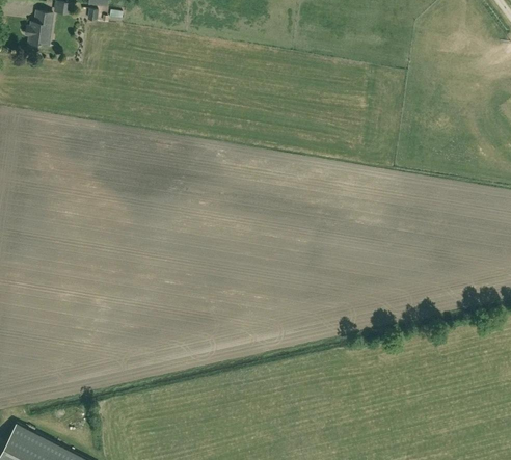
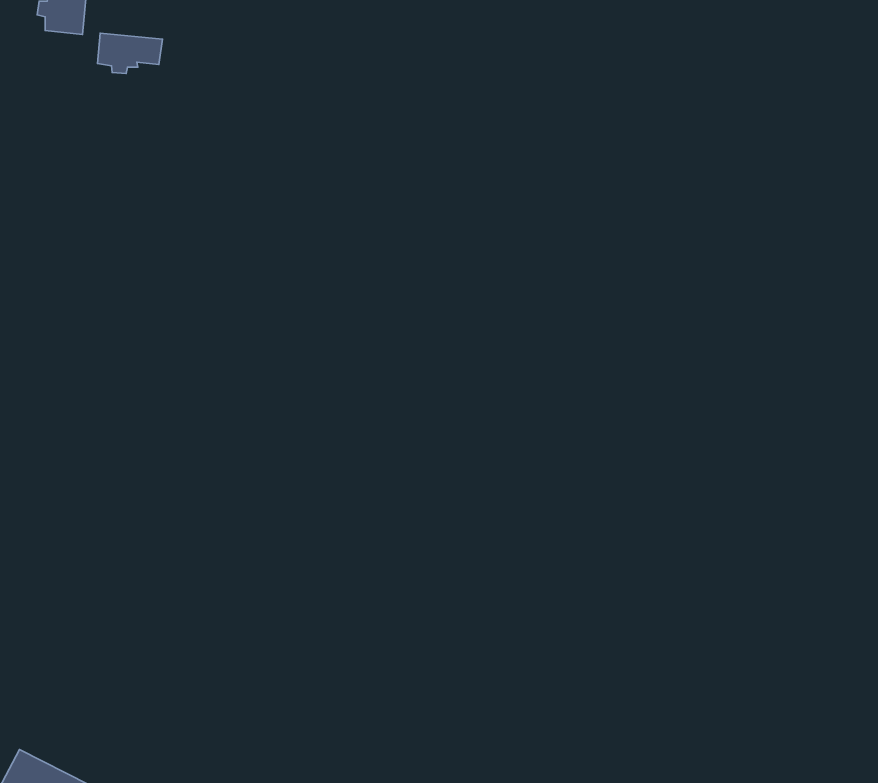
building: none -> [98,33,162,73]

